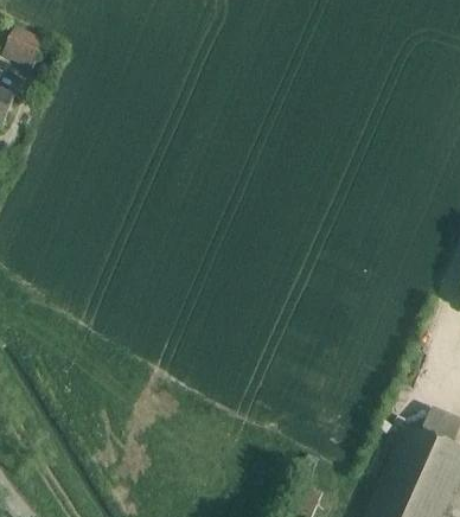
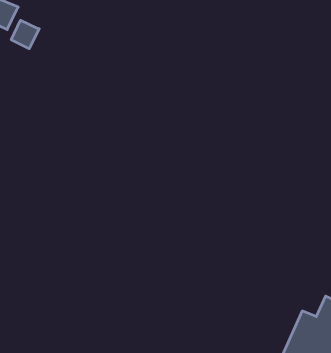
building: none -> [11,20,39,49]

